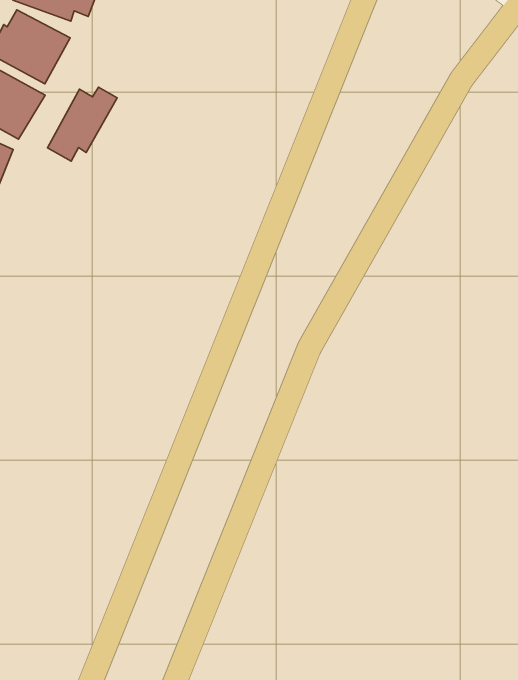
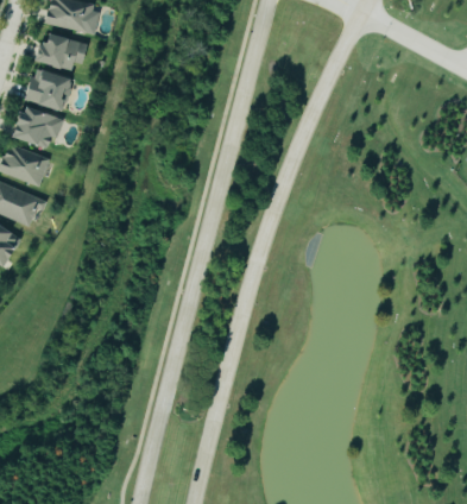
building: [47,87,117,161] -> none

